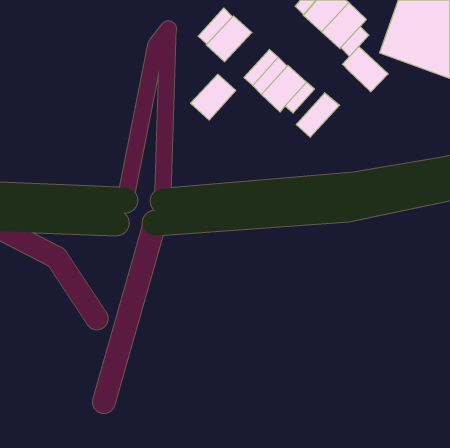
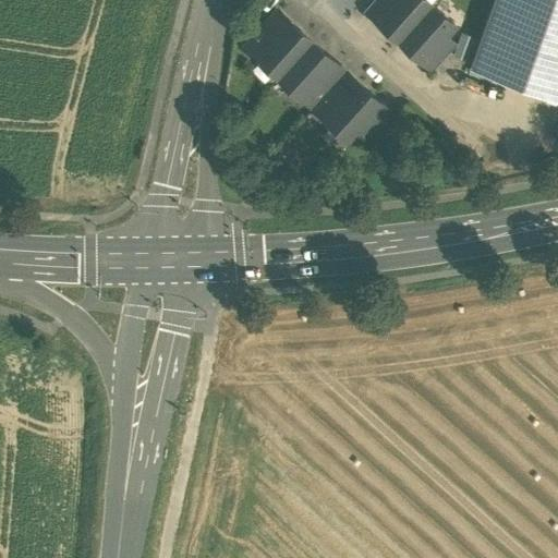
building: [342,46,388,92] -> none
building: [191,74,236,120] -> [278,44,333,100]
building: [296,93,340,137] -> none

